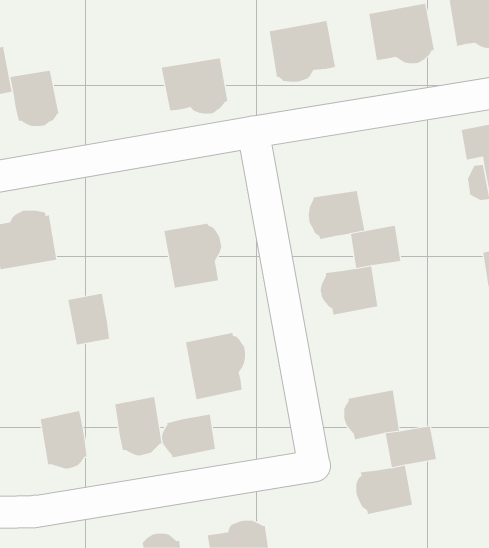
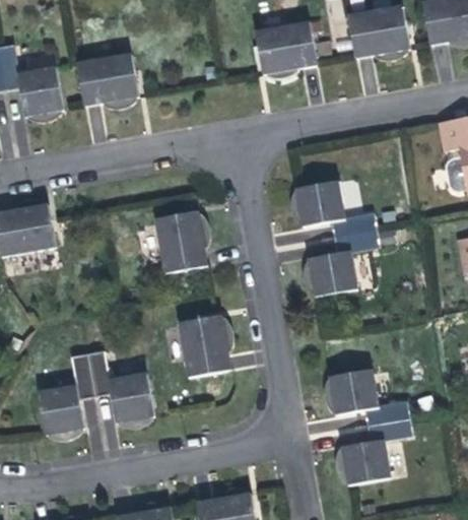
building: [161,58,228,114] -> [72,54,135,107]
building: [68,293,110,345] -> [73,352,113,401]
building: [162,414,216,458] -> none

